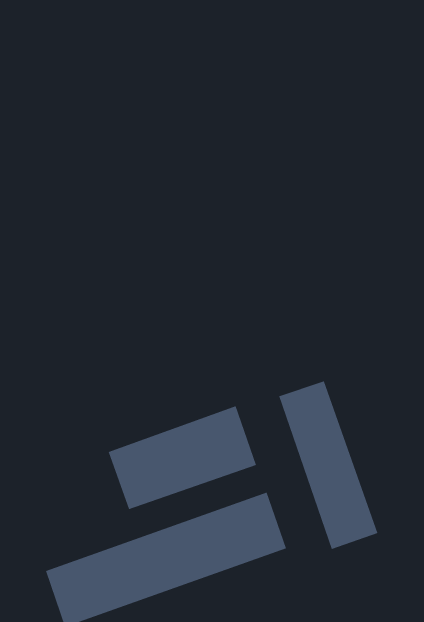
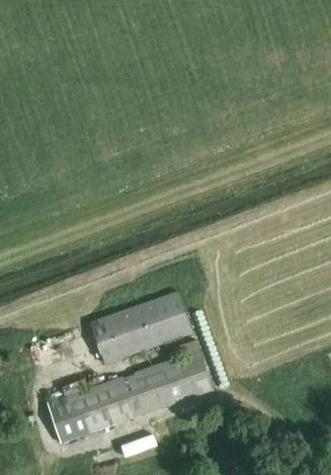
building: [278,380,378,550] -> none

